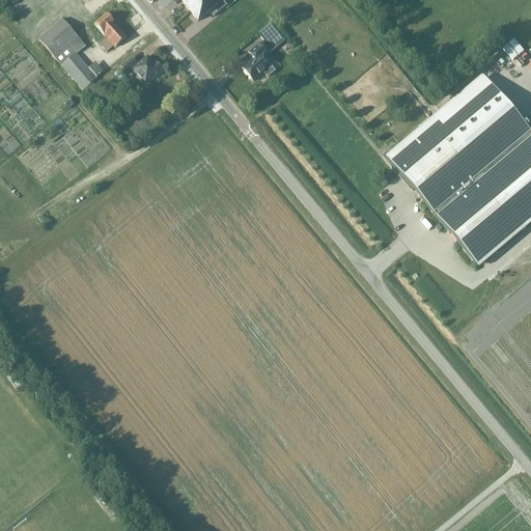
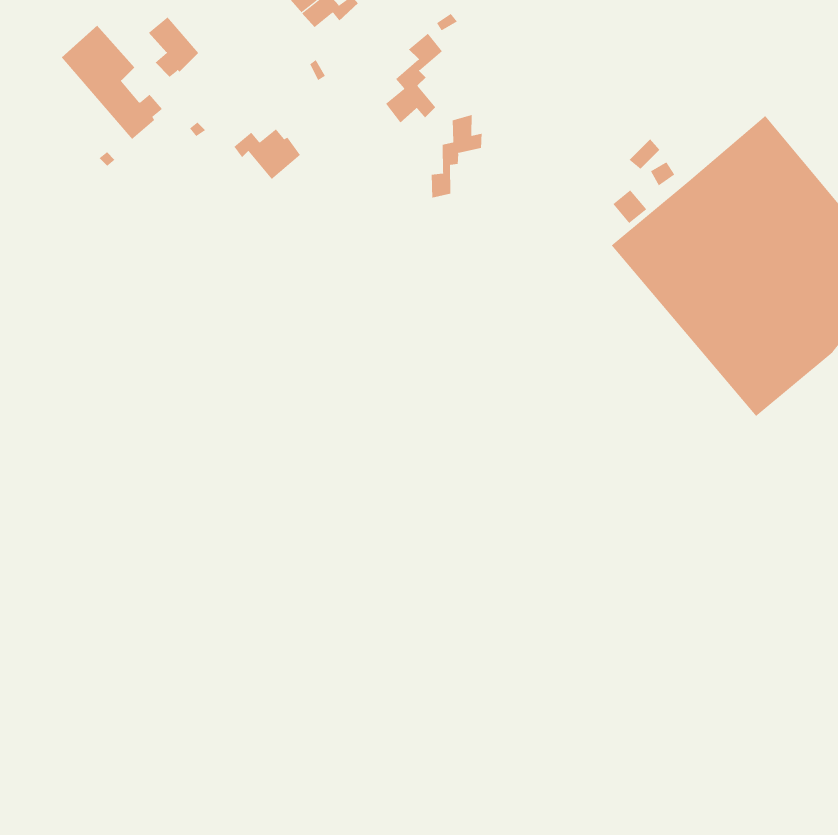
building: [122,52,165,84] -> [233,129,301,180]
building: none -> [431,114,482,198]

